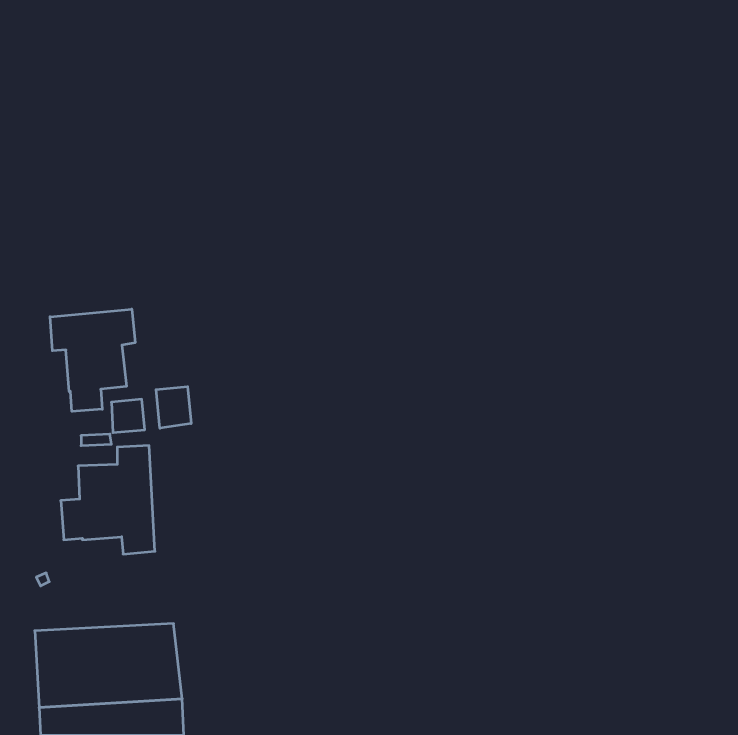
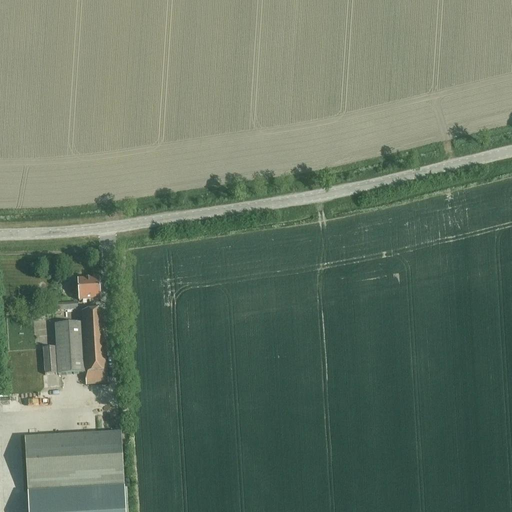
building: [50,309,135,411] -> none
building: [156,387,191,428] -> none

